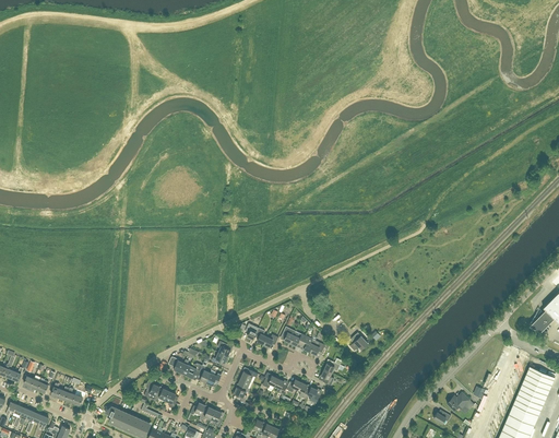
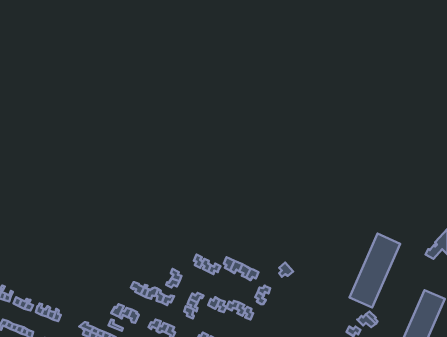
building: none -> [349,234,400,307]

